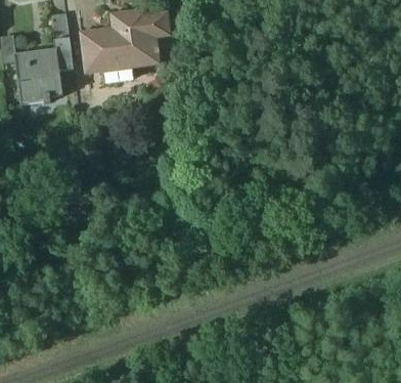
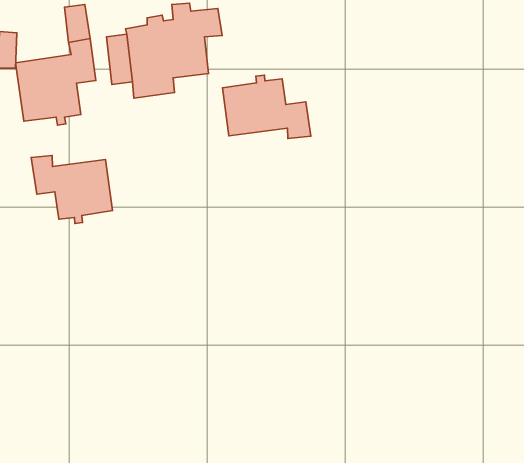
building: none -> [223,75,311,139]
building: none -> [31,155,113,223]

